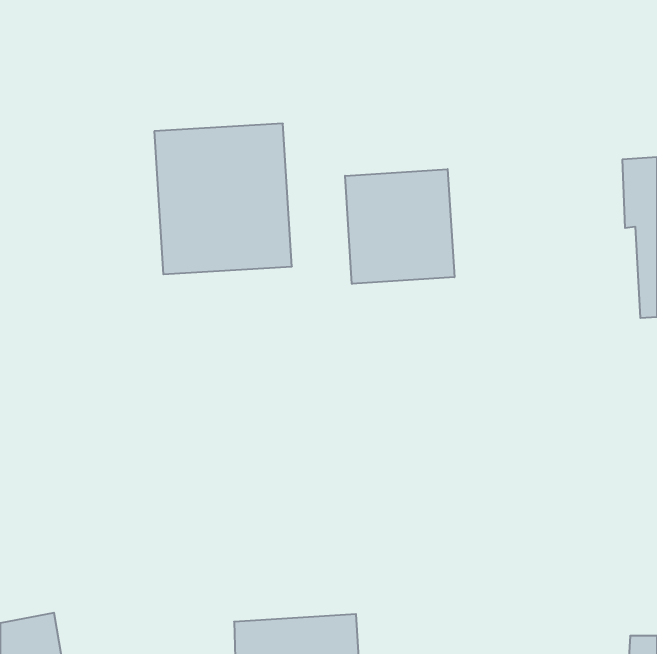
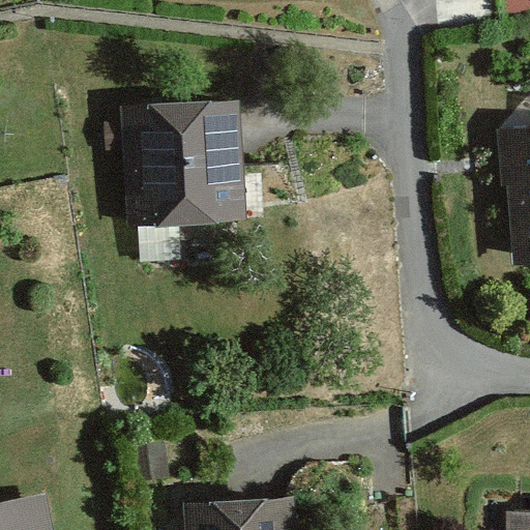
building: [345,169,454,284] -> none

